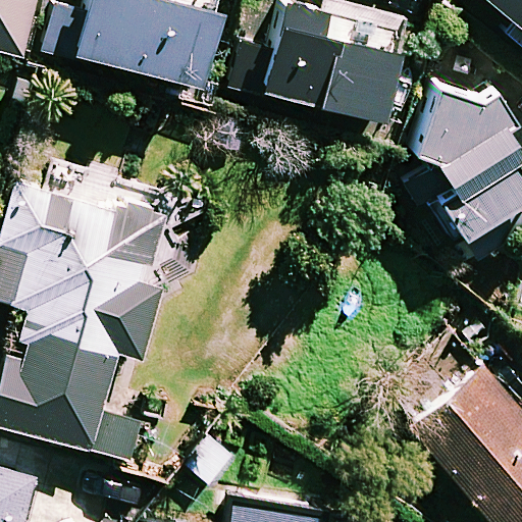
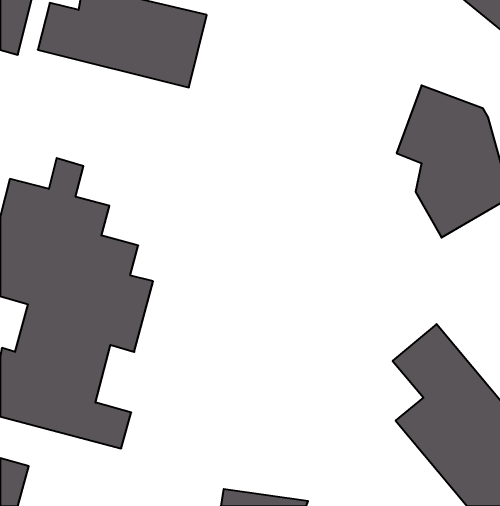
building: [237,5,409,124] -> none

